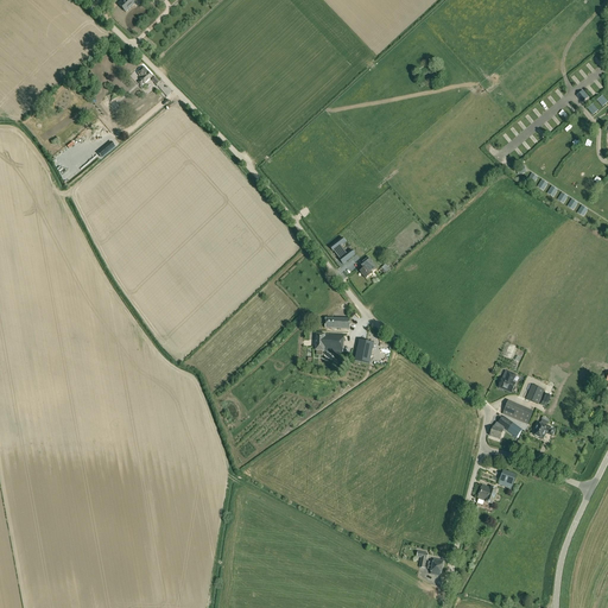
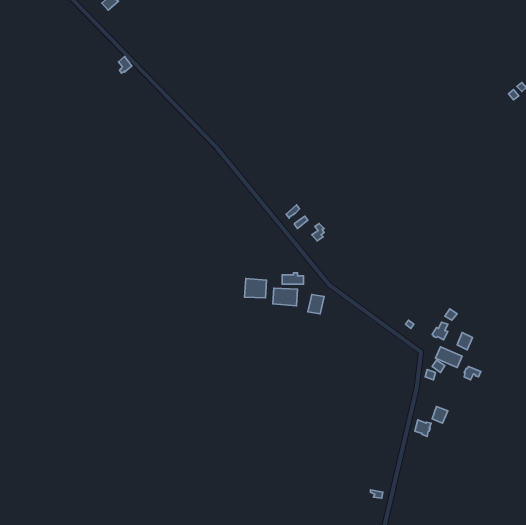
building: none -> [245,278,267,298]

